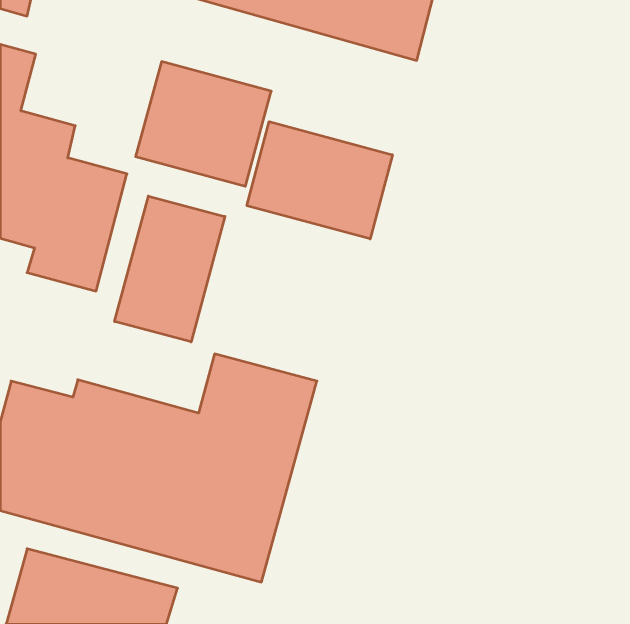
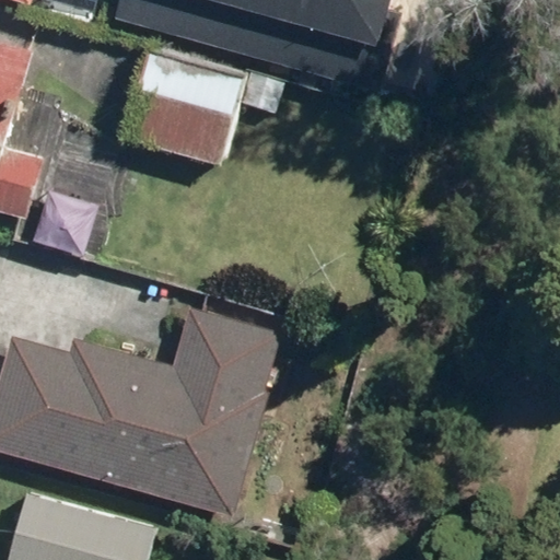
building: [247,122,392,239] -> none
building: [115,196,225,342] -> none

